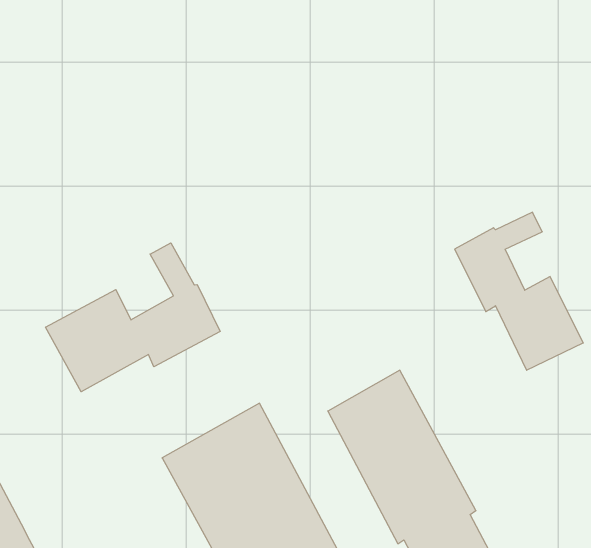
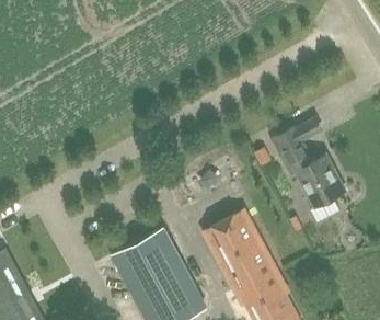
building: [46,243,220,392] -> none

